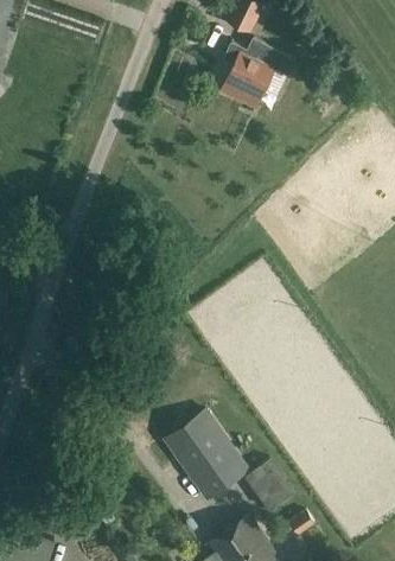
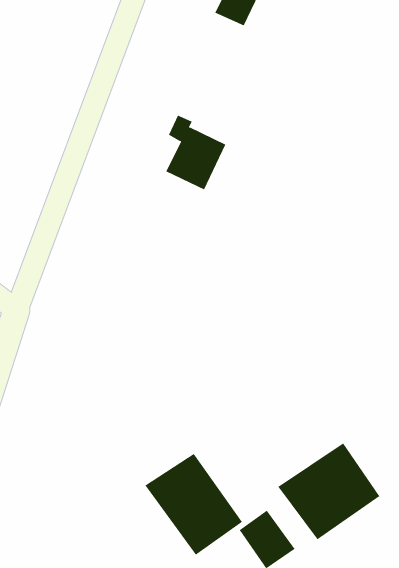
building: [221,40,274,107] -> [166,115,226,190]
building: none -> [277,443,380,540]

